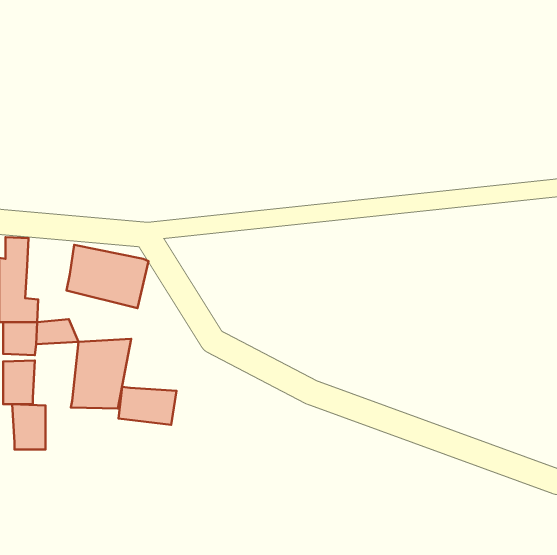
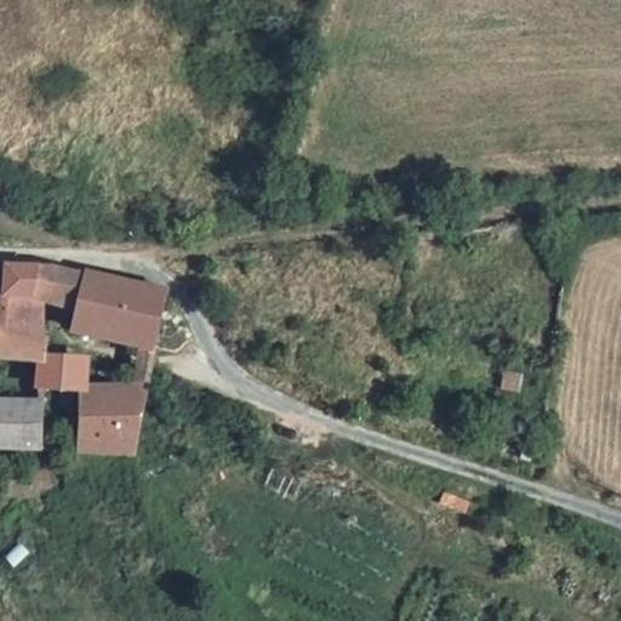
building: none -> [30,264,82,304]
building: [118,387,177,425] -> none
building: [12,404,46,449] -> none

